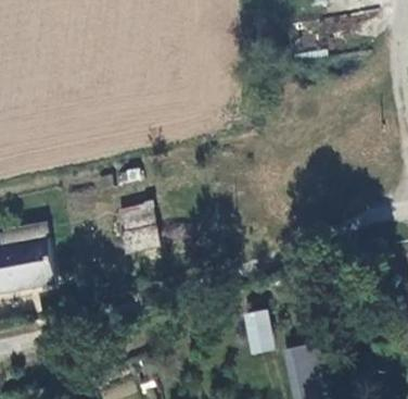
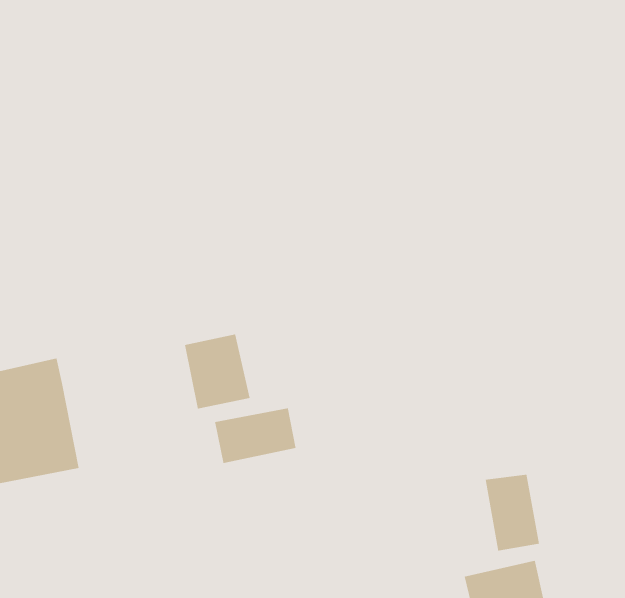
building: none -> [214,407,296,464]
building: [238,308,270,353] -> [485,474,540,551]

